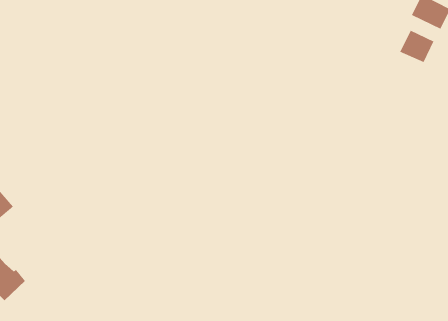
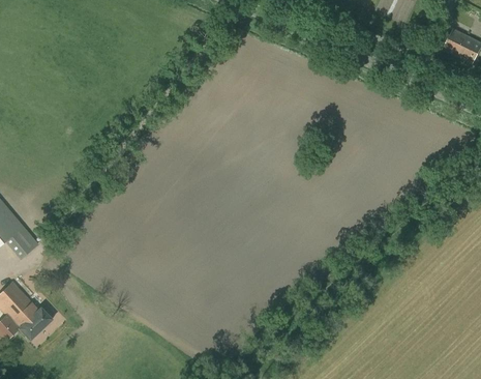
building: [400,30,434,63] -> none

